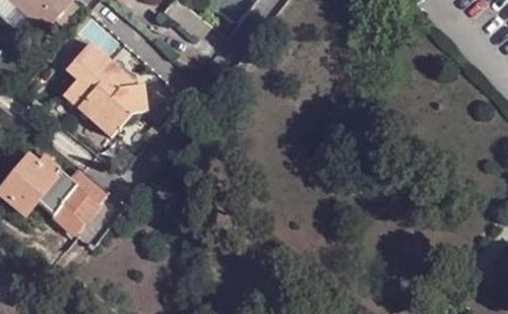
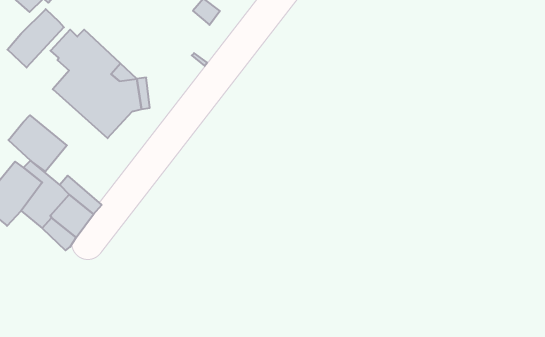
building: none -> [7,9,64,68]
building: none -> [8,115,67,171]

